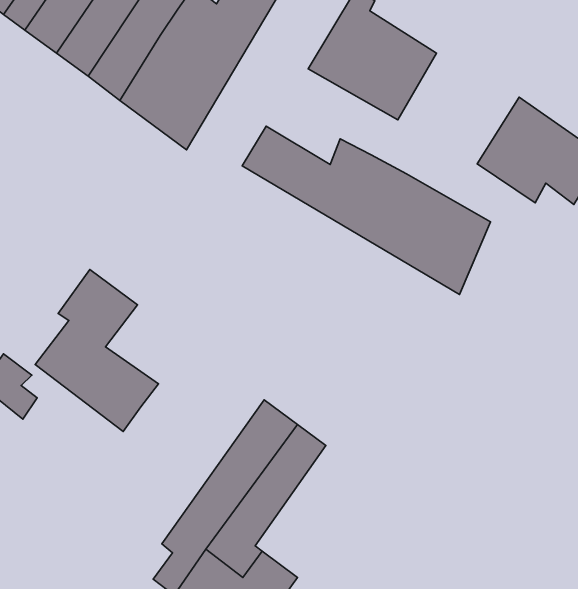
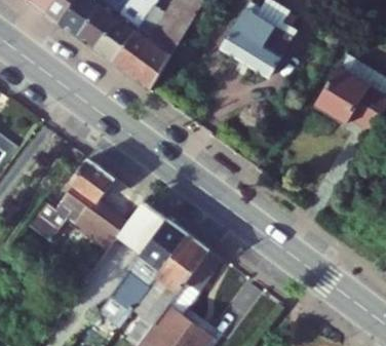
building: [242,126,490,295] -> none
building: none -> [100,202,192,319]

